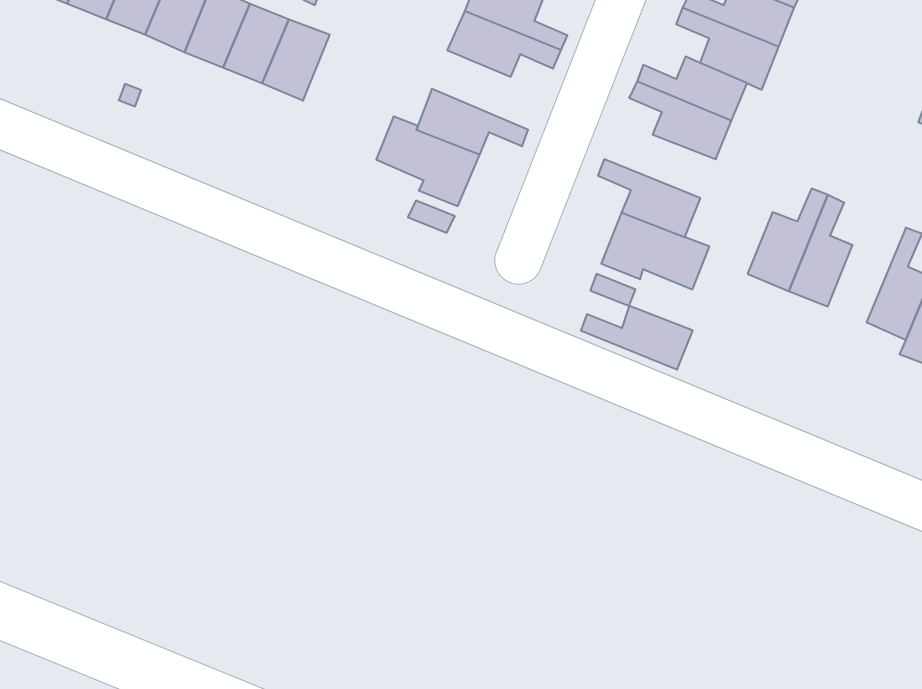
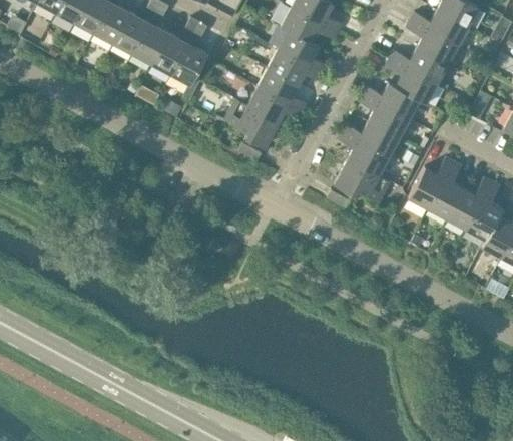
building: none -> [256,68,308,113]
building: none -> [447,179,491,230]
building: [581,306,693,370] -> [341,122,398,157]

